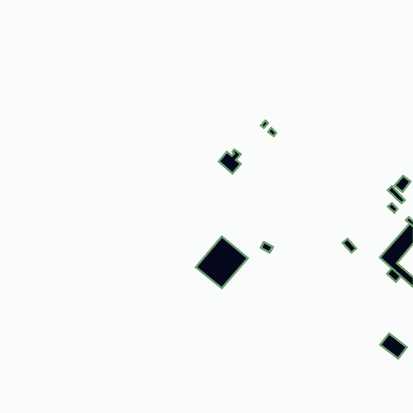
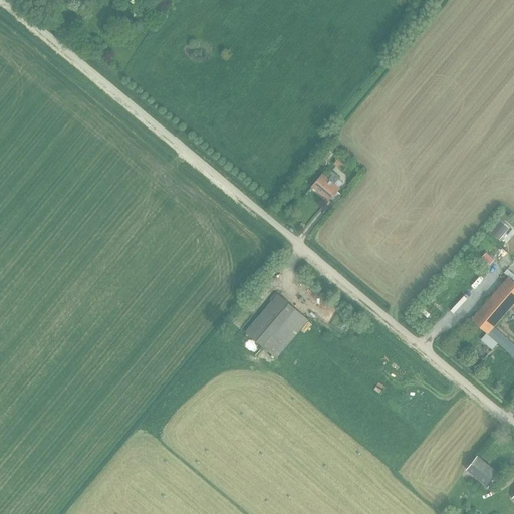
building: [219,149,241,174] -> [311,170,338,200]
building: [380,333,407,359] -> [465,456,498,487]

